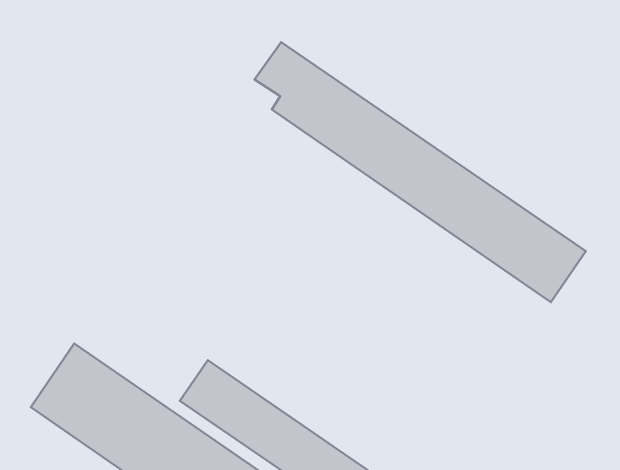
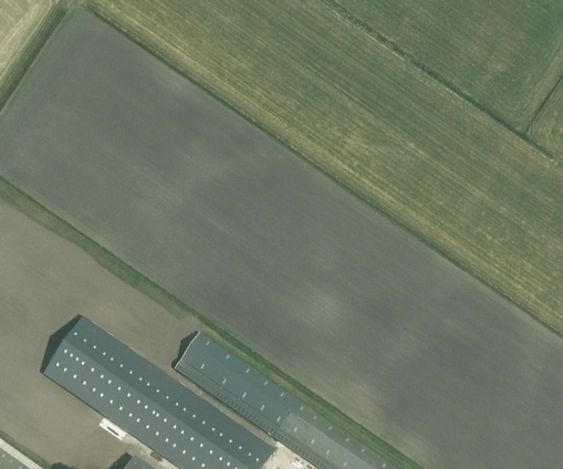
building: [255,42,586,302] -> none

